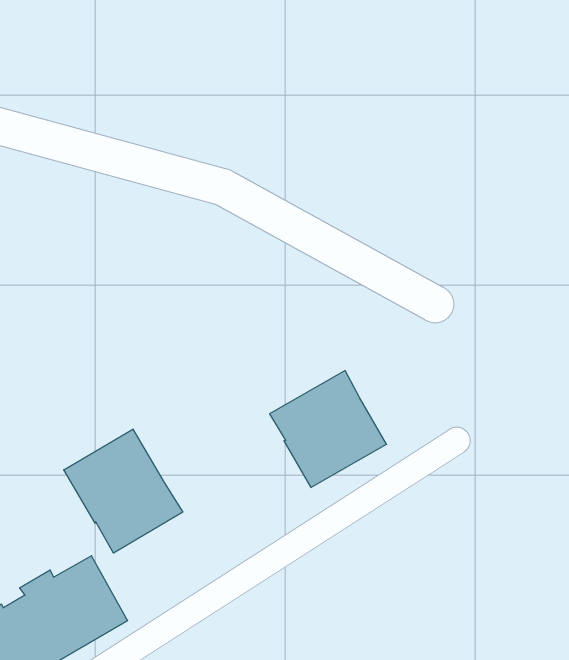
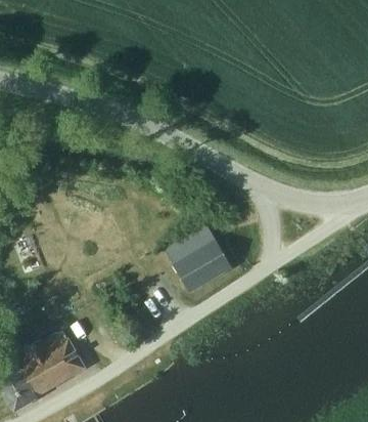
building: [64,429,183,553] -> none

